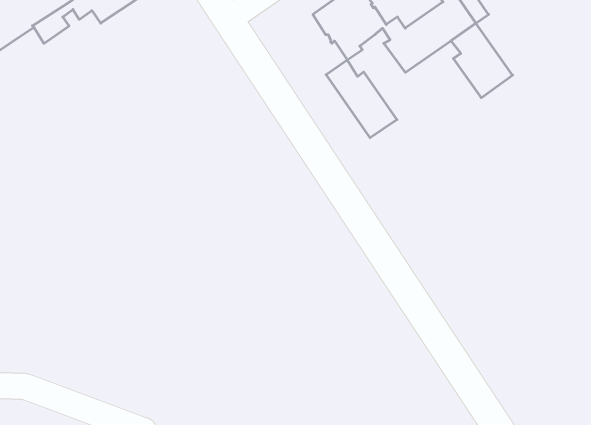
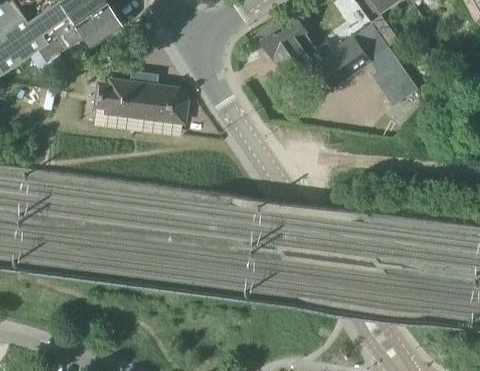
building: [326,60,397,138] -> none
building: none -> [96,80,186,121]

